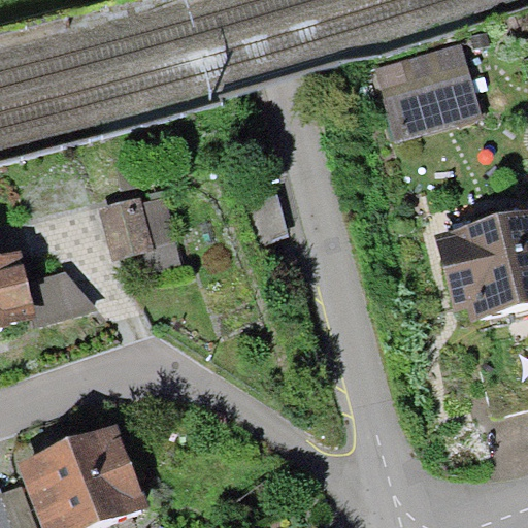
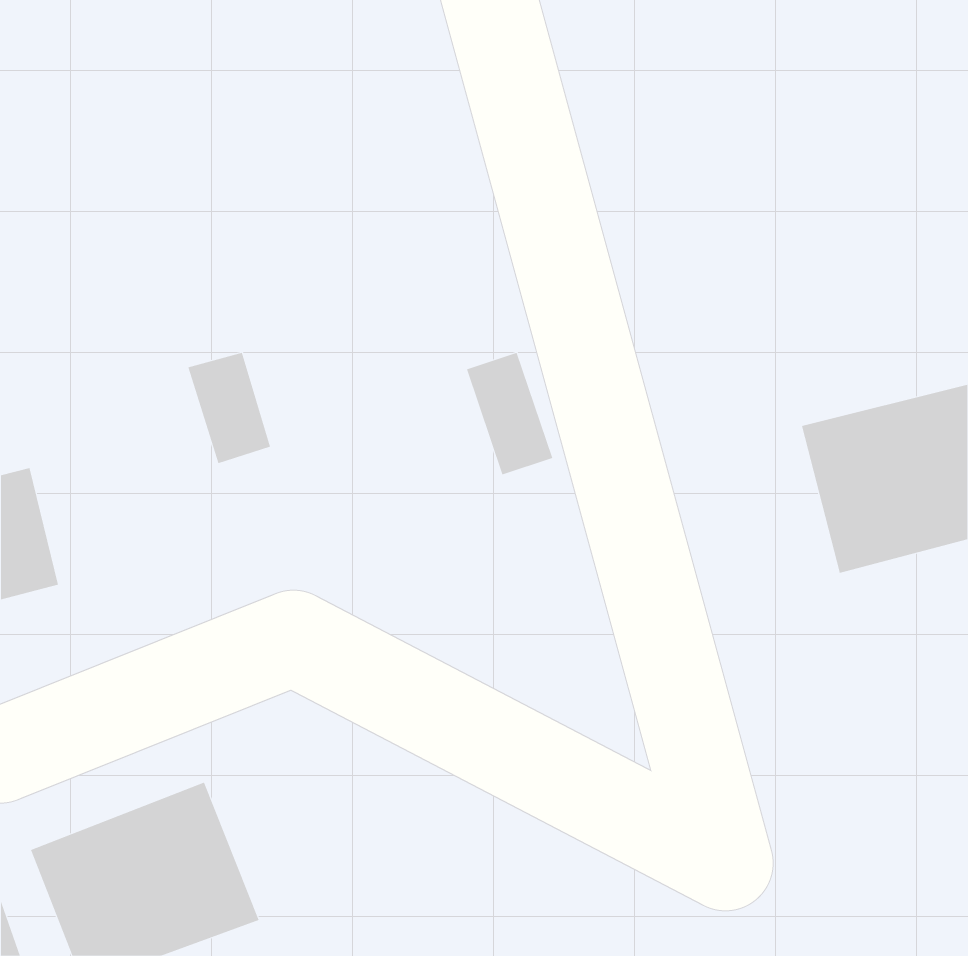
building: [374,50,483,141] -> none

